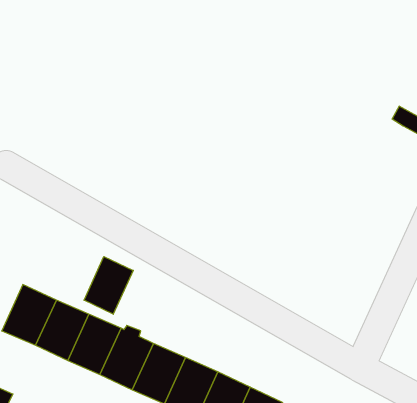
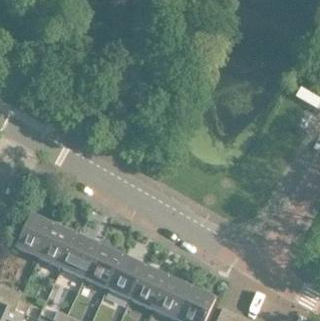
building: [84,257,133,314] -> none

